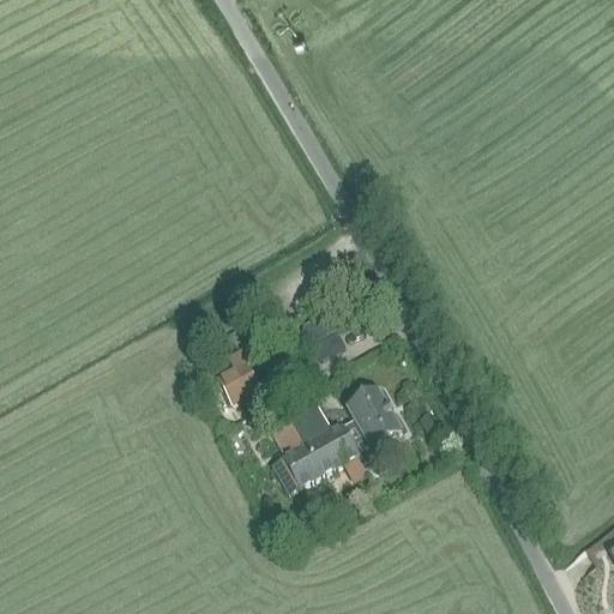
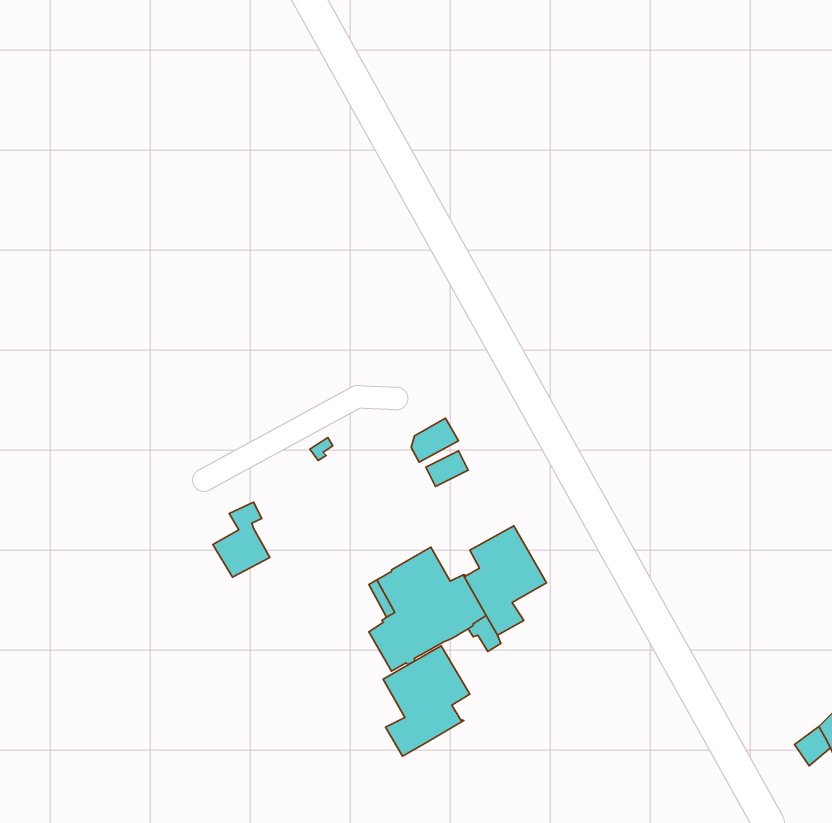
building: [218,345,260,401] -> [213,502,270,577]
building: none -> [383,646,470,756]

